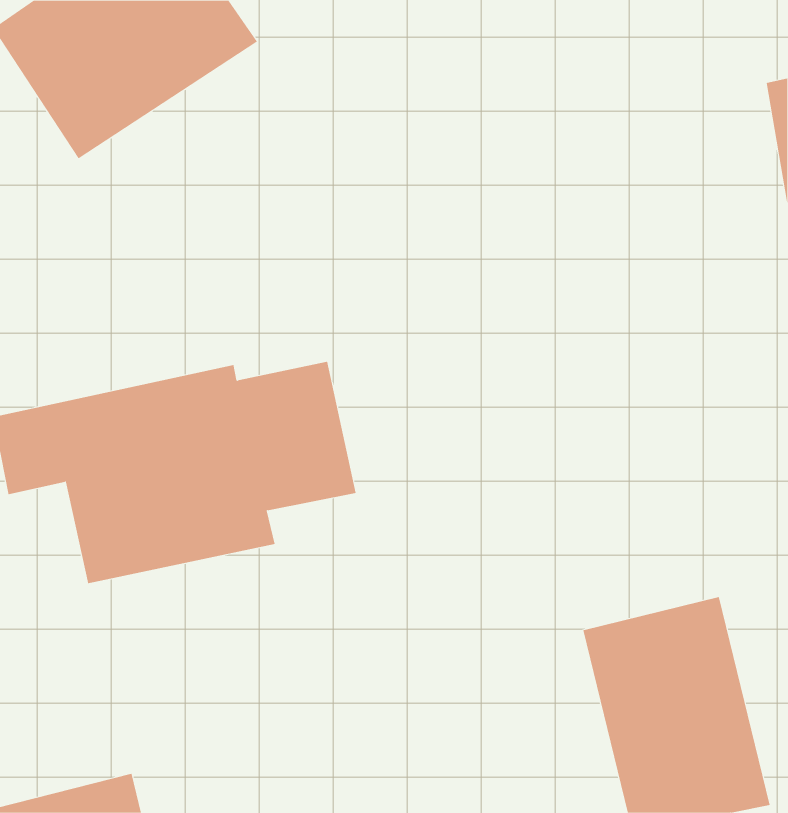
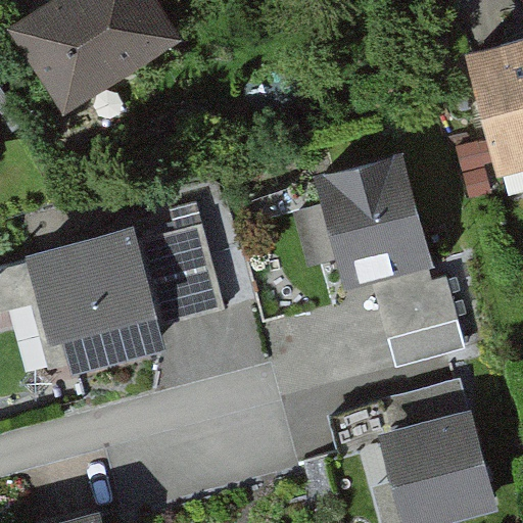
building: none -> [331,159,459,339]

